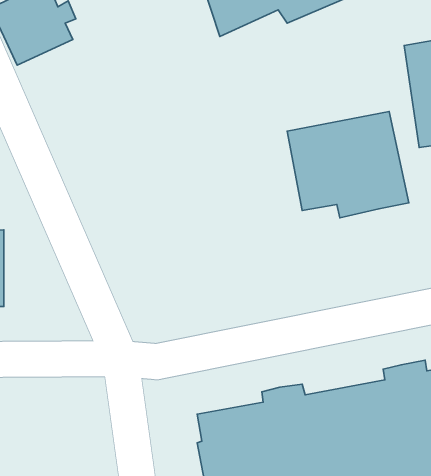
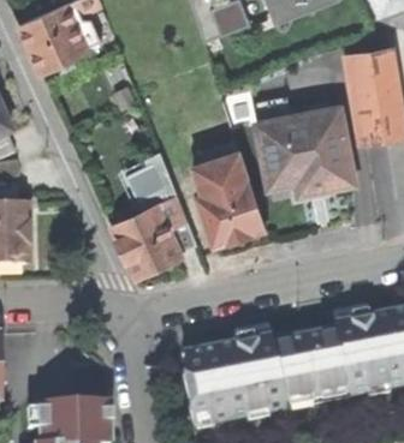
building: none -> [192,138,266,246]
building: none -> [113,154,186,276]

